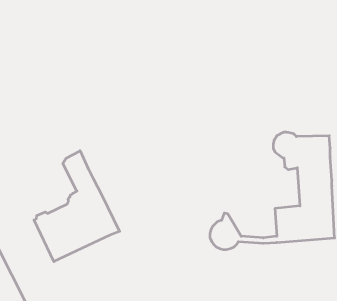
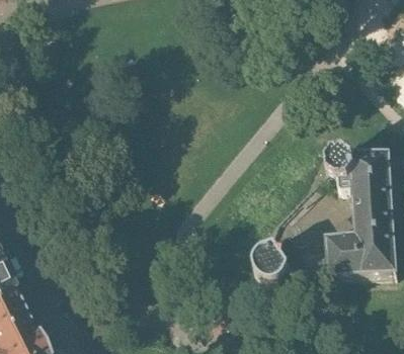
building: [34,151,120,262] -> none

